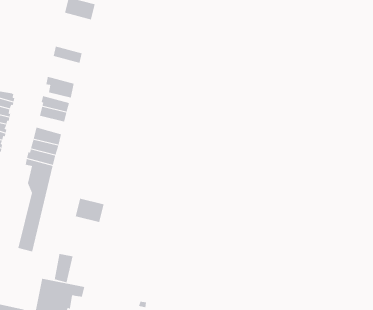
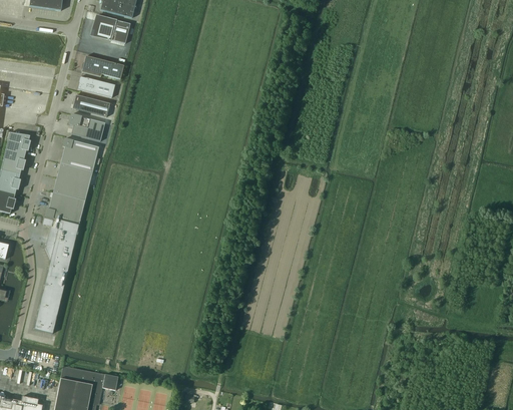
building: none -> [81,55,123,78]
building: none -> [72,94,109,116]
building: none -> [56,162,92,185]
building: [75,198,104,223] -> none
building: [54,253,73,283] -> none

